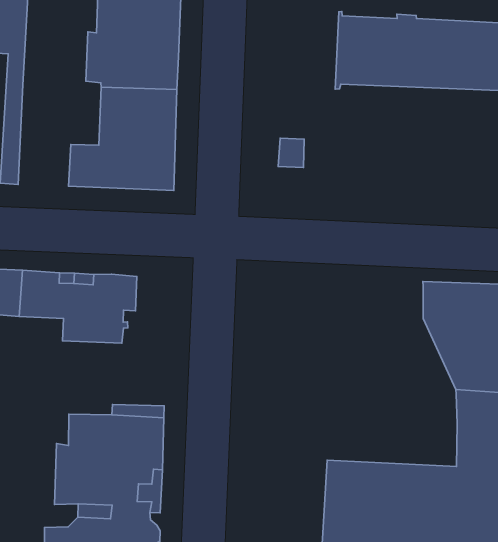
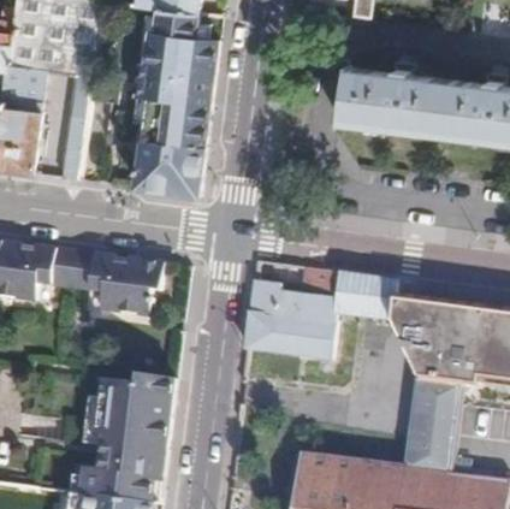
building: none -> [245,265,396,357]

